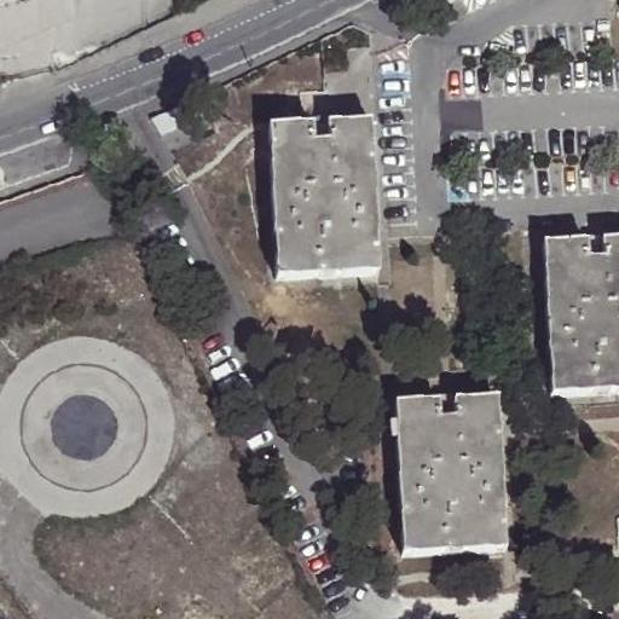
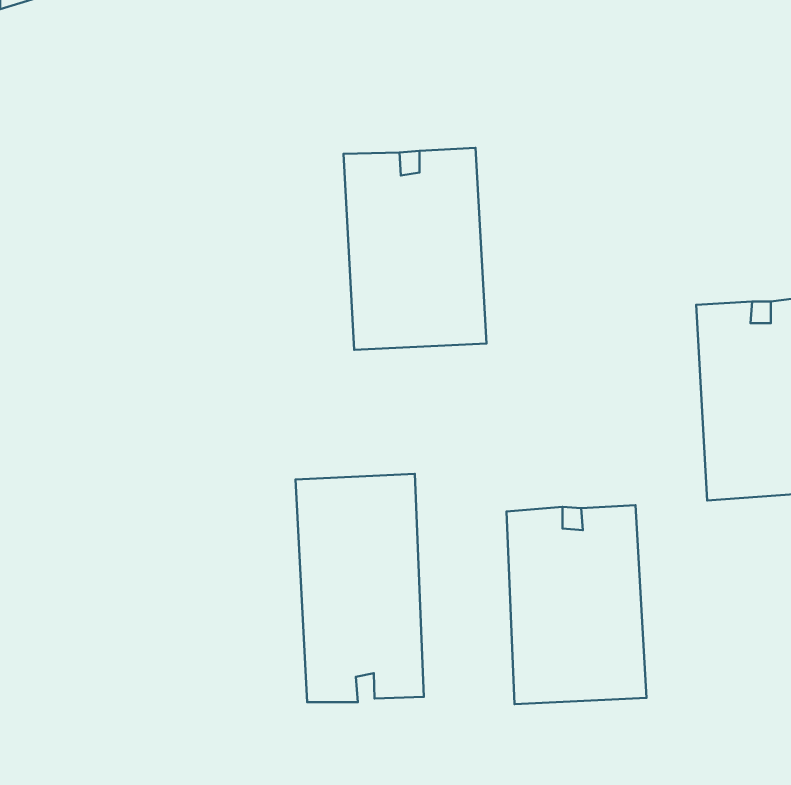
building: none -> [296,474,424,702]

